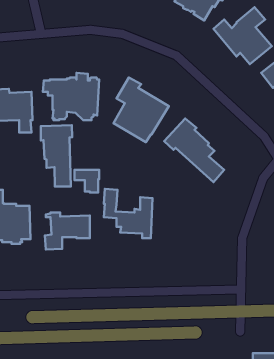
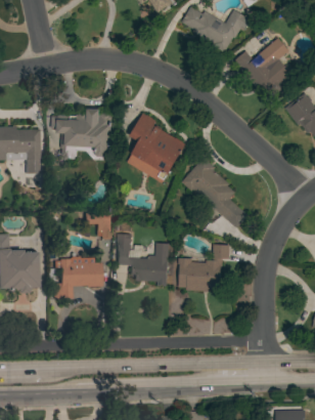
building: [41,125,72,187] -> none
building: none -> [178,244,229,291]

